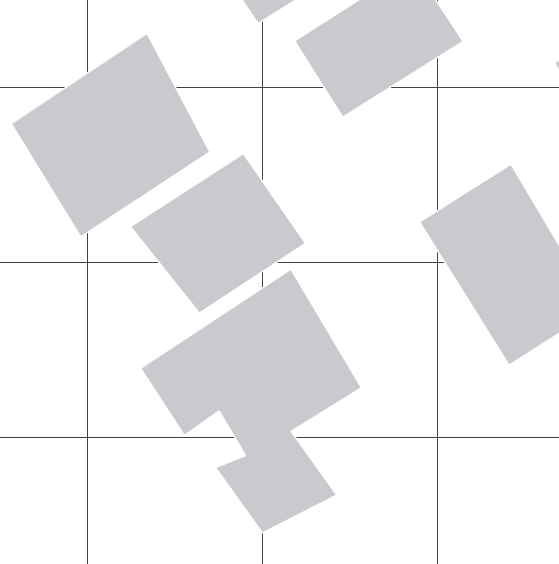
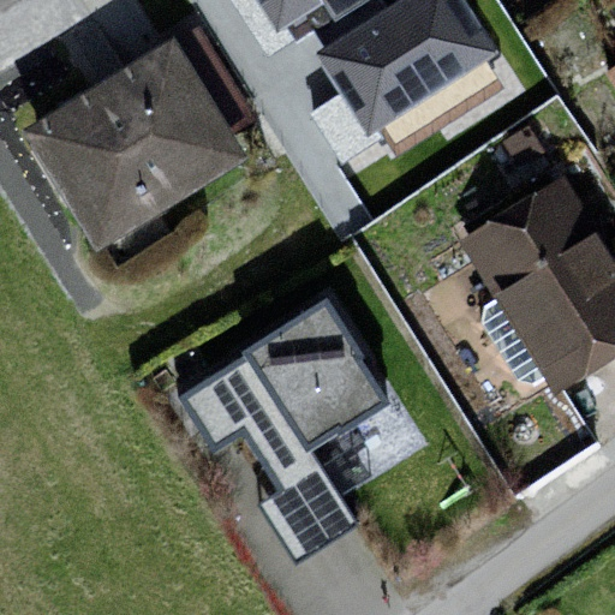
building: [131,154,306,313] -> none

